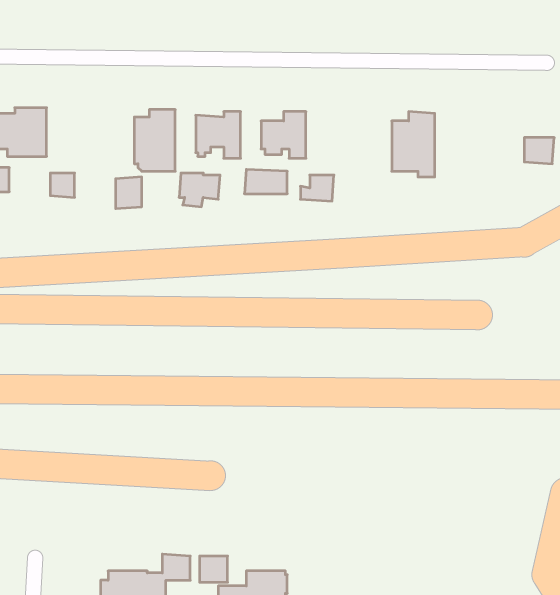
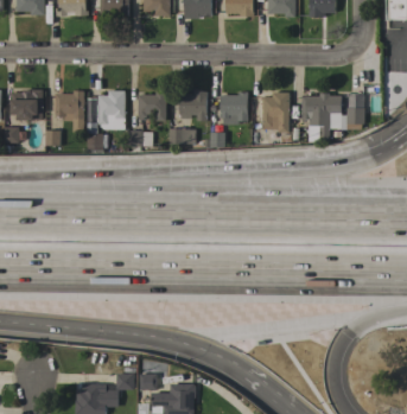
building: none -> [55,90,83,132]
building: none -> [218,91,247,125]
building: none -> [301,93,341,141]

